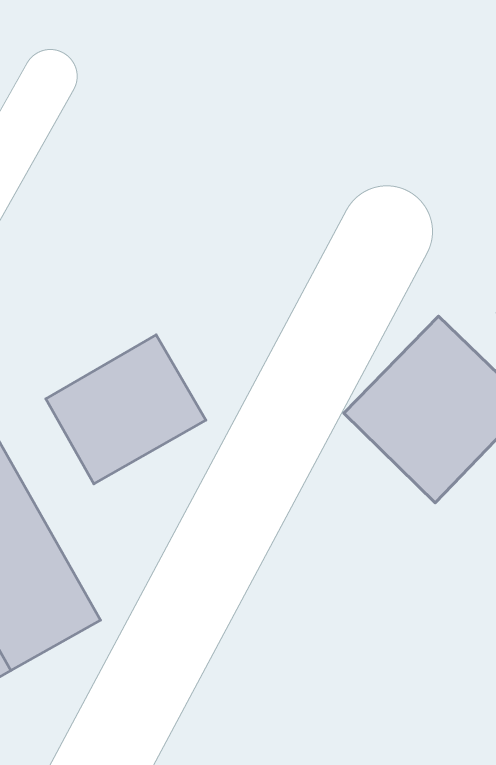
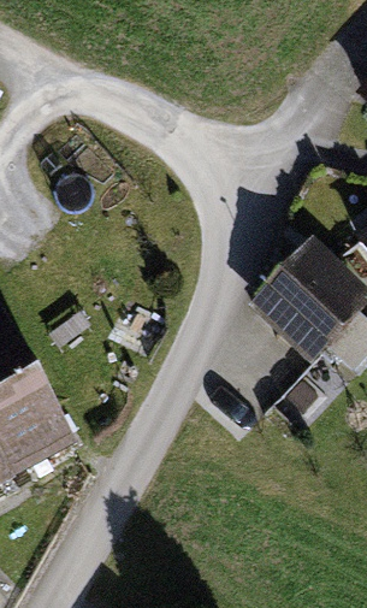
building: [46,335,206,484] -> none

